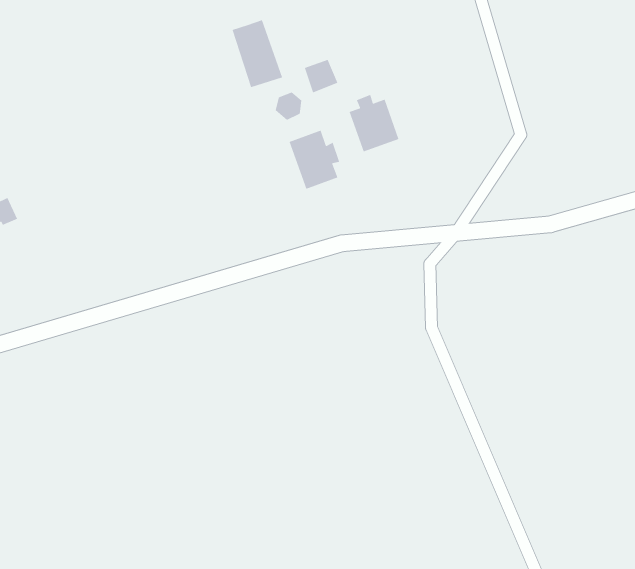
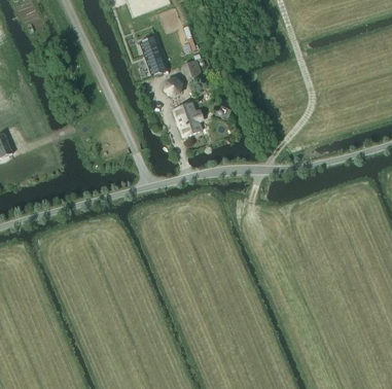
building: [349,94,399,153] -> none

